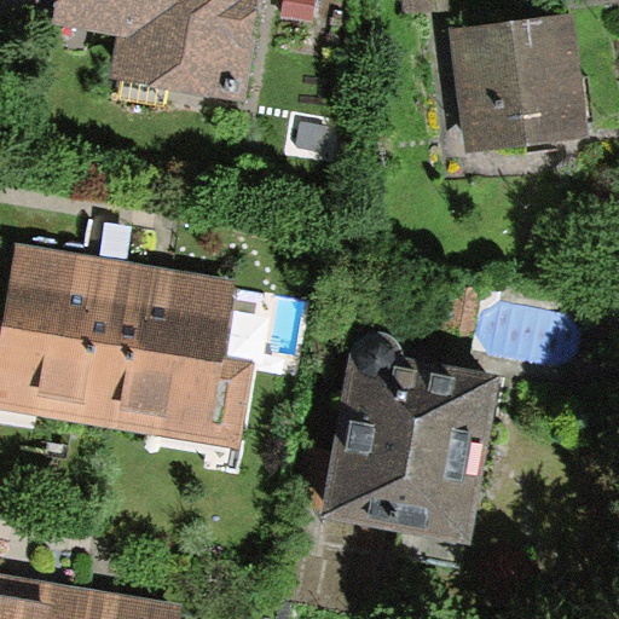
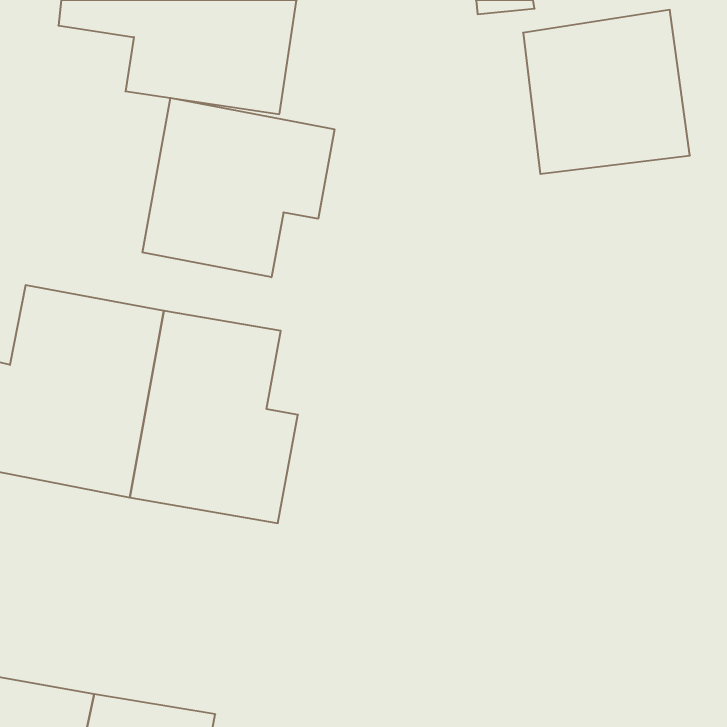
building: none -> [142,98,334,277]
building: [332,349,497,537] -> none

